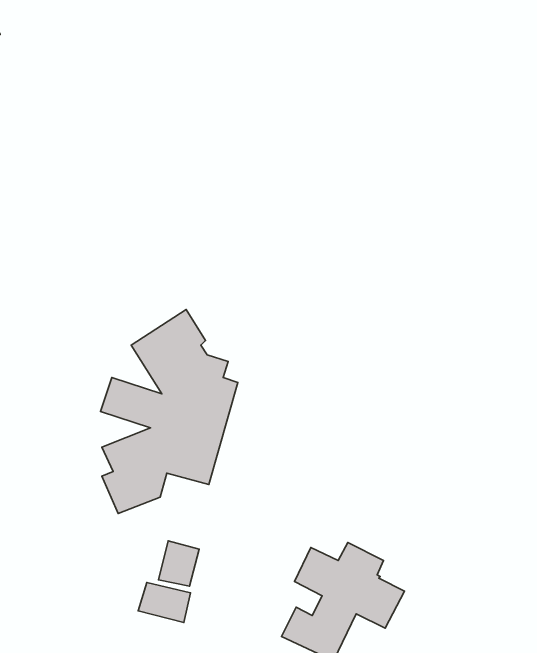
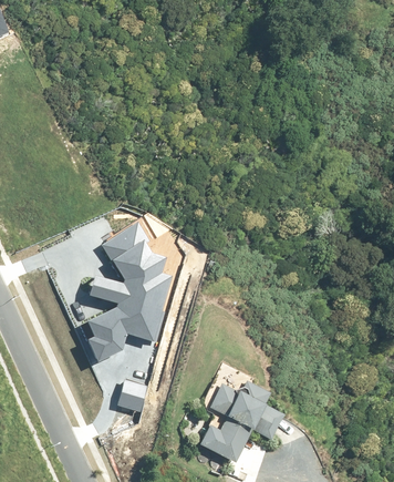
building: [138,582,191,622] -> none

